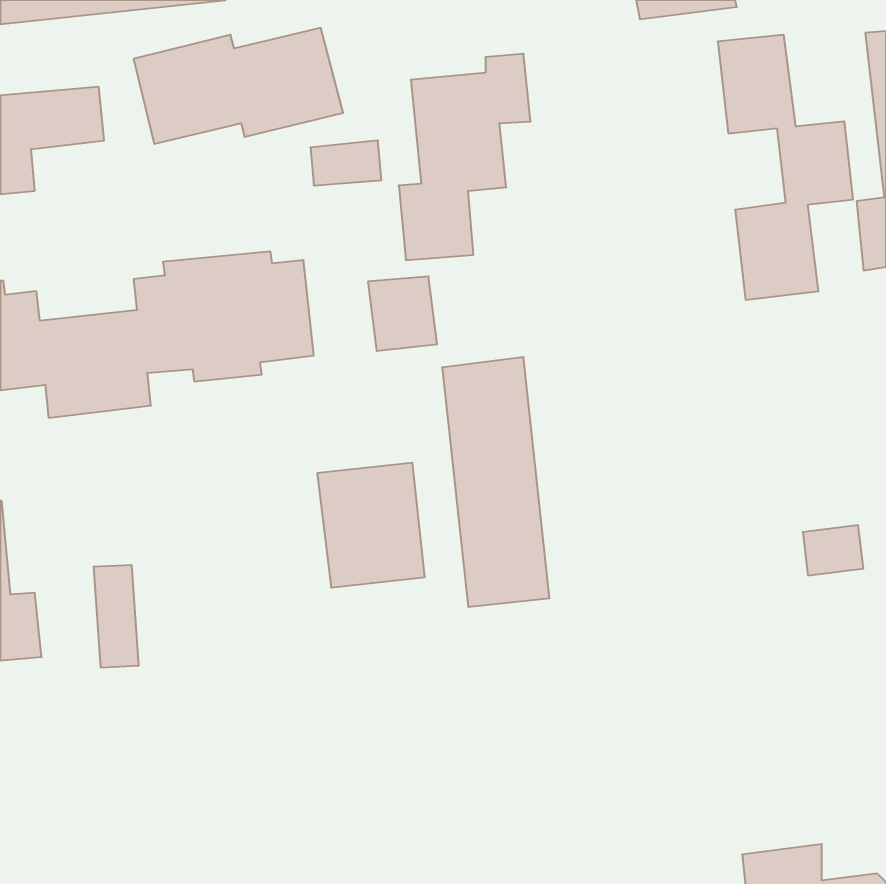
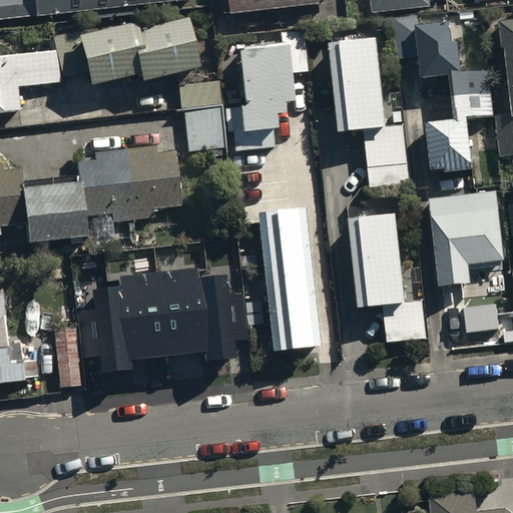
building: none -> [329,37,411,195]
building: [368,276,437,351] -> [183,109,223,152]
building: none -> [429,191,505,287]
building: none -> [348,213,427,344]
building: none -> [97,263,180,356]

